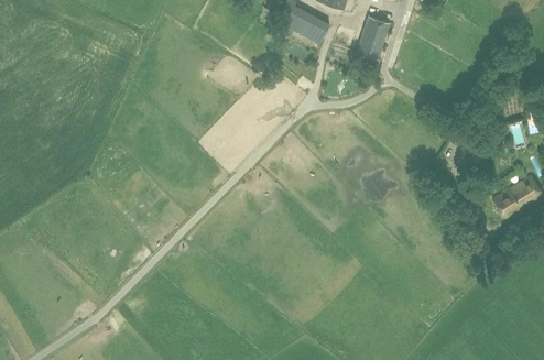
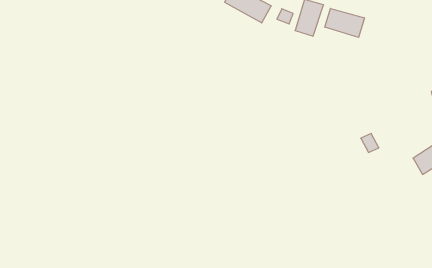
building: none -> [325,8,364,37]

